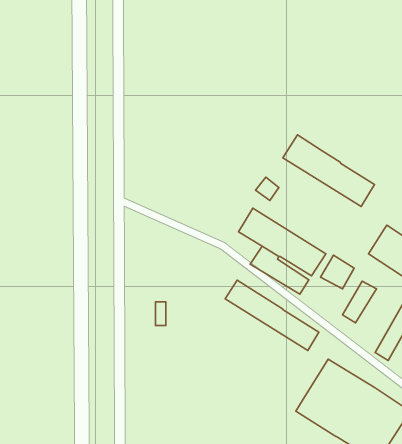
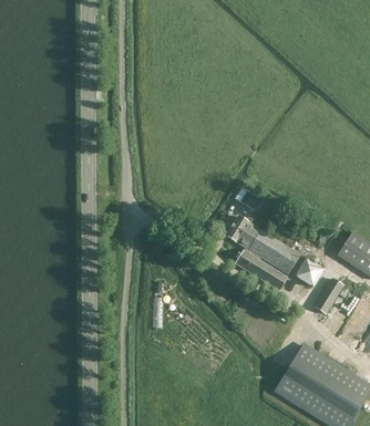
building: [283,135,374,207] -> none
building: [225,280,319,350] -> none

